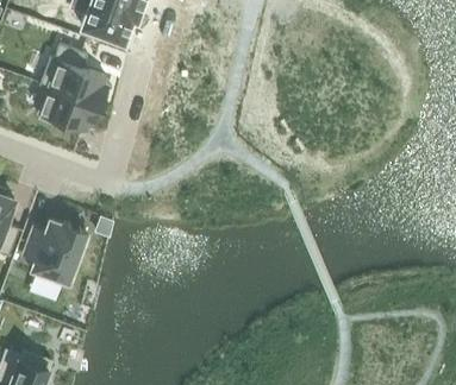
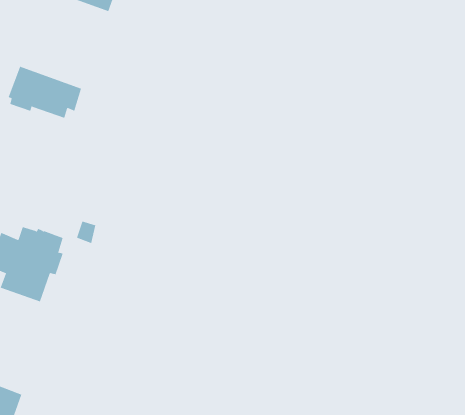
building: [38,45,107,107] -> none

